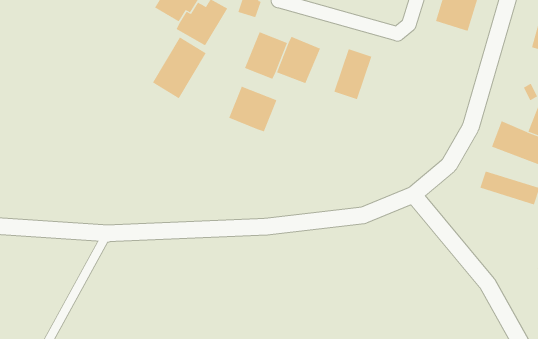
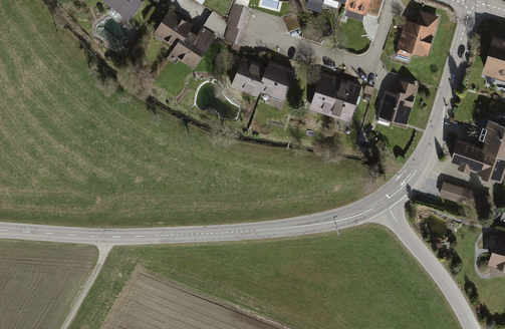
building: [152,37,207,99] -> none
building: none -> [373,78,420,126]
building: none -> [329,80,362,125]
building: [229,86,277,132] -> none

